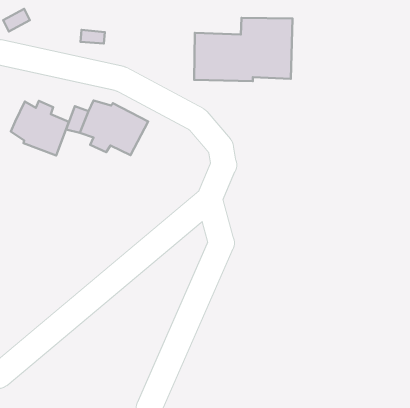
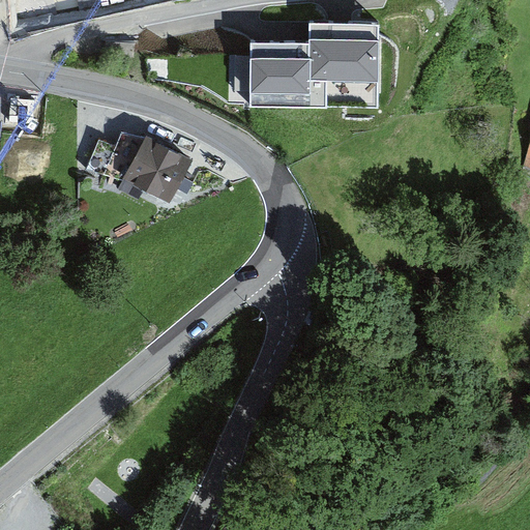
building: [11,101,69,156] -> none

